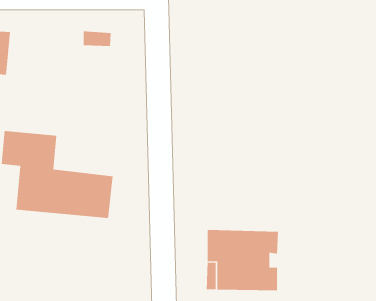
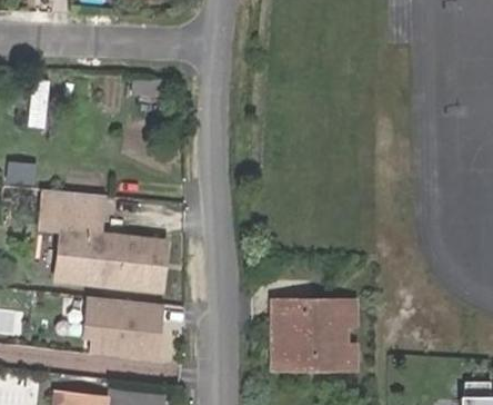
building: none -> [83,292,160,362]

